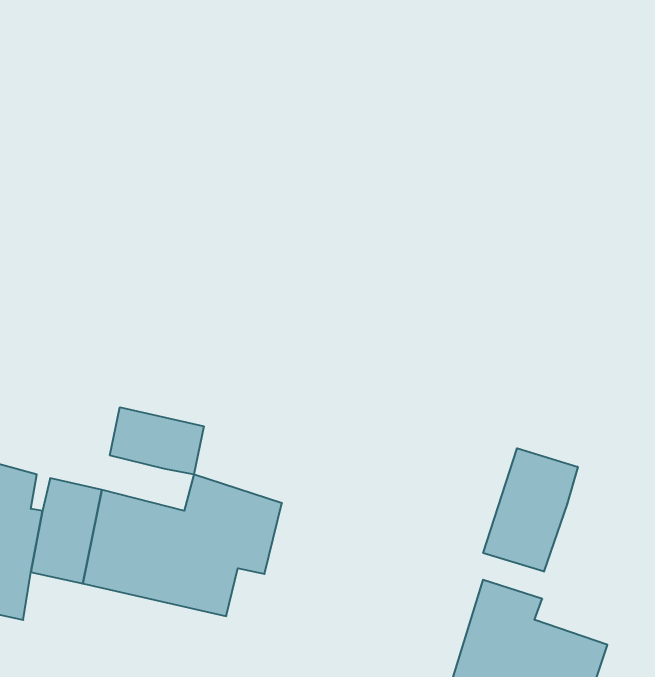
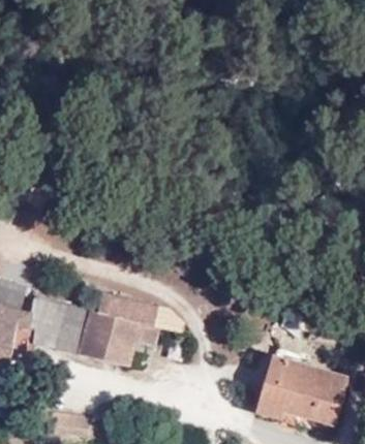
building: [110,407,204,474] -> none
building: [483,448,578,572] -> none

